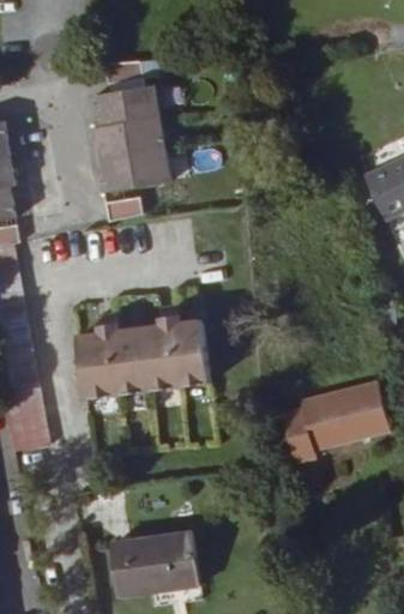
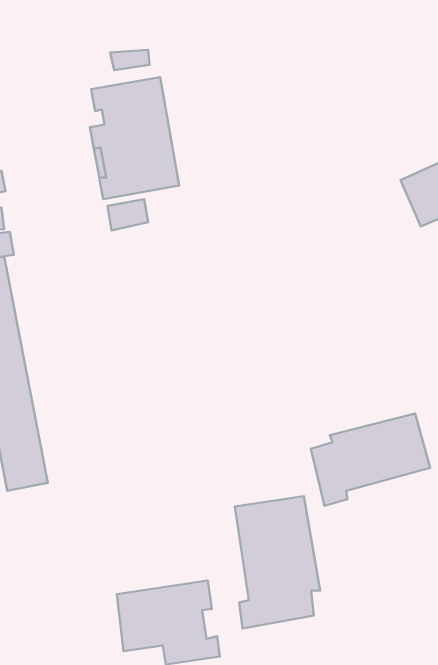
building: [79,307,211,398] -> none
building: none -> [235,496,320,628]

